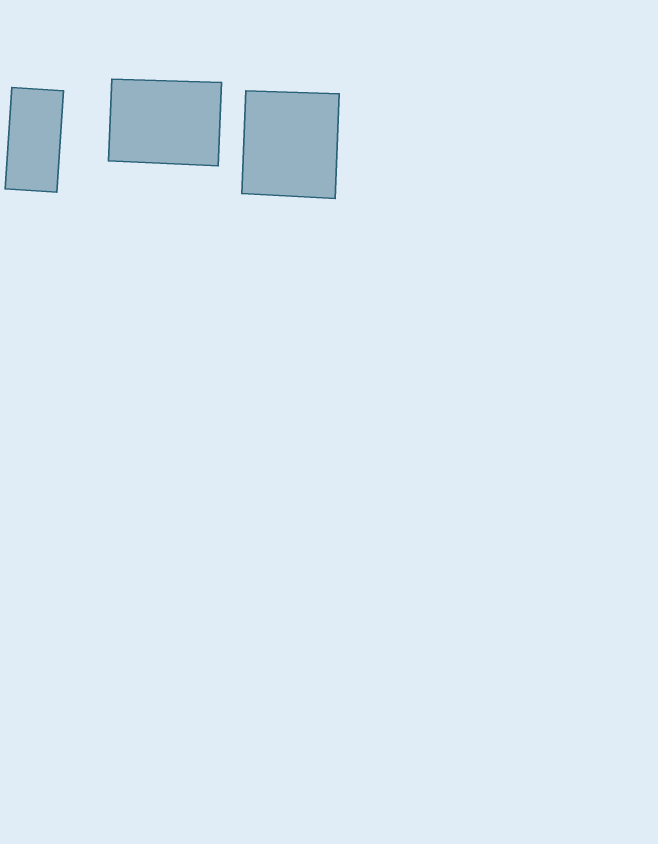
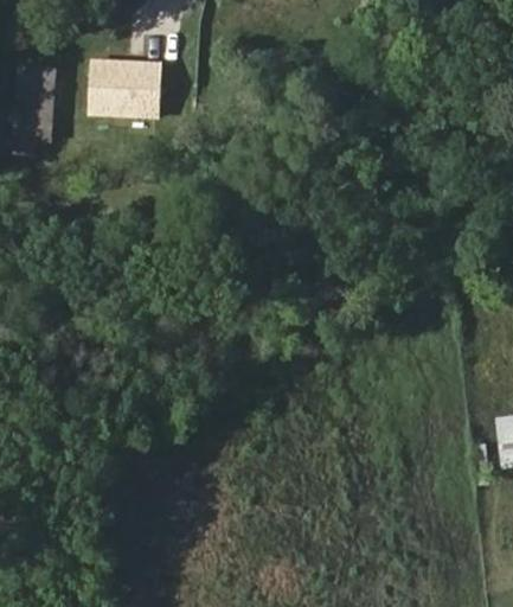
building: [242,91,339,199] -> none

